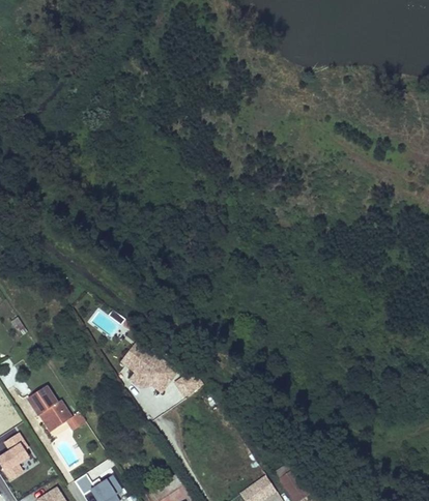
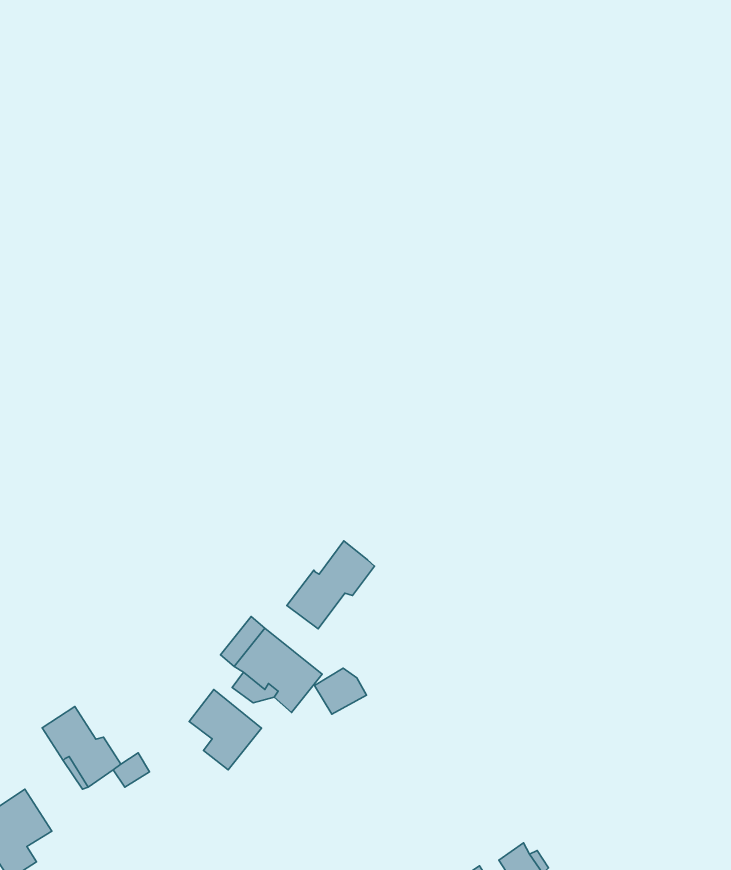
building: none -> [287,541,375,629]
building: none -> [189,690,261,770]

